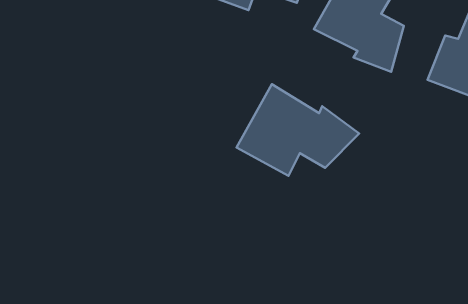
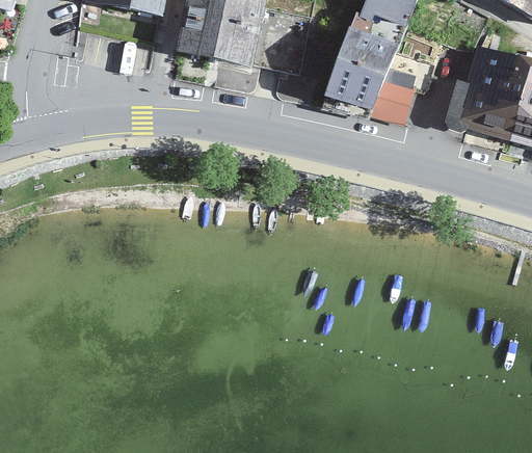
building: [237,84,359,176] -> none

